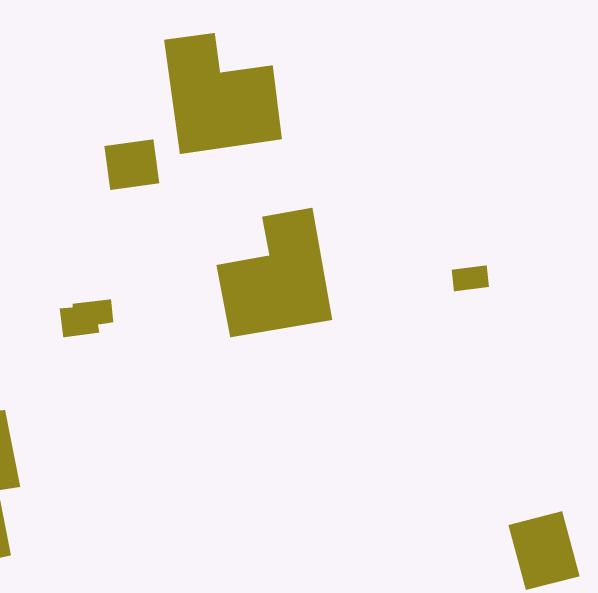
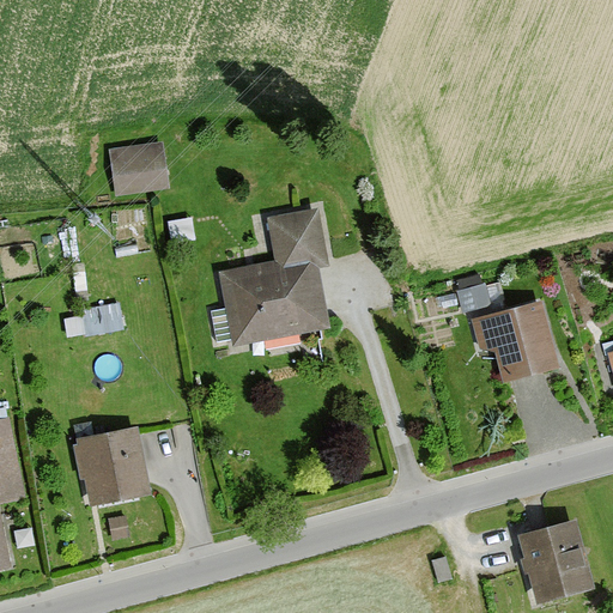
building: [163,32,283,155] -> none
building: none -> [473,302,557,387]
building: none -> [73,425,151,505]

